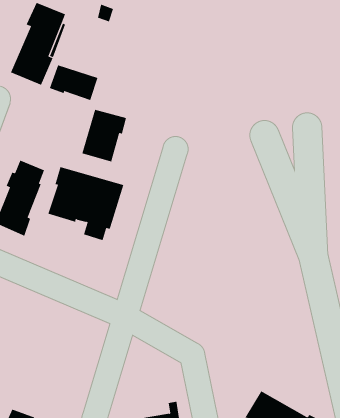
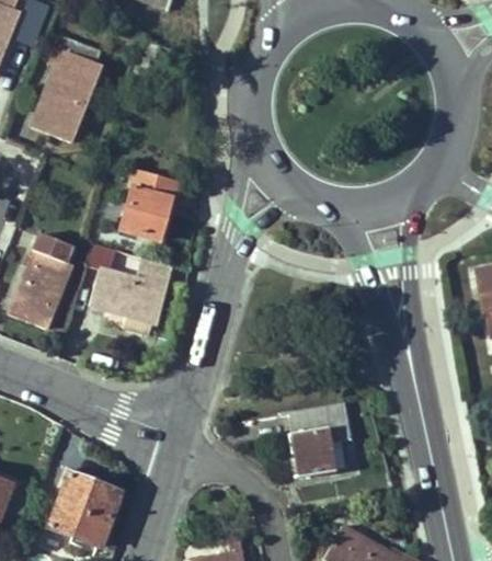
building: [49,64,98,101] -> none
building: none -> [289,403,350,476]
building: none -> [48,473,119,546]

